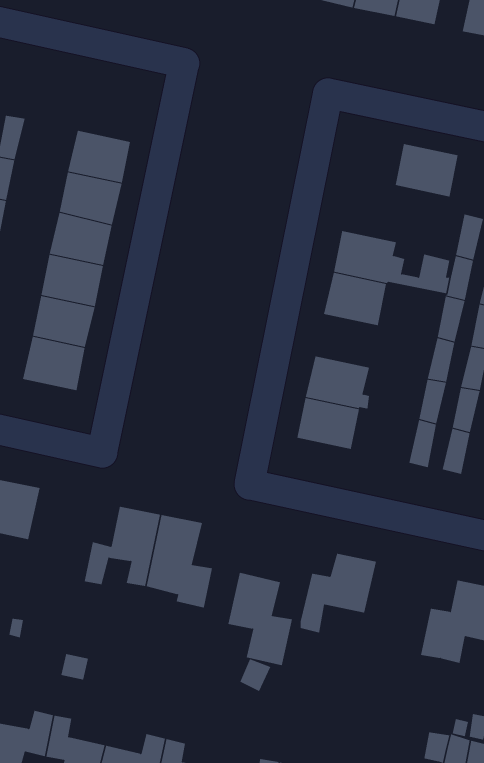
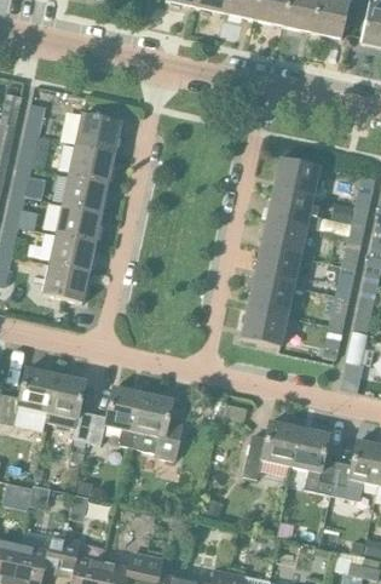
building: [395,144,459,197] -> [273,156,319,195]
building: none -> [254,247,300,286]
building: none -> [45,373,93,441]
building: [227,572,293,666] -> [290,426,337,494]

